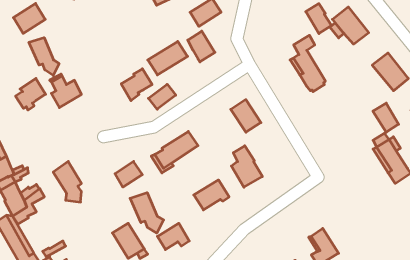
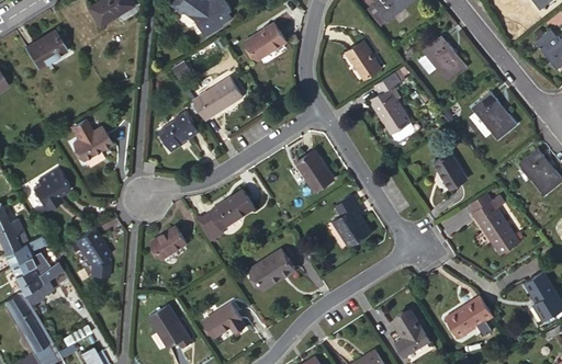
building: [306,4,331,34] -> [347,42,379,79]
building: [188,31,215,62] -> none
building: [29,38,59,76] -> none
building: [16,78,46,110] -> [32,169,69,208]
building: [148,84,176,109] -> none
building: [373,103,399,132] -> [434,152,465,189]
building: [231,146,262,187] -> [333,195,371,247]
building: [130,193,164,233] -> none
building: none -> [445,295,493,338]

